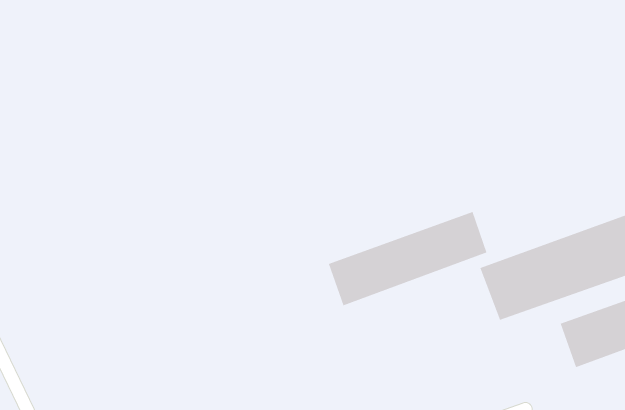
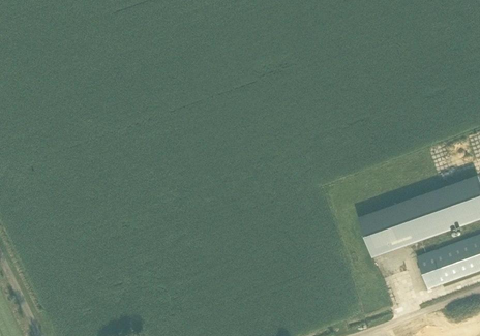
building: [328,211,487,306] -> none

